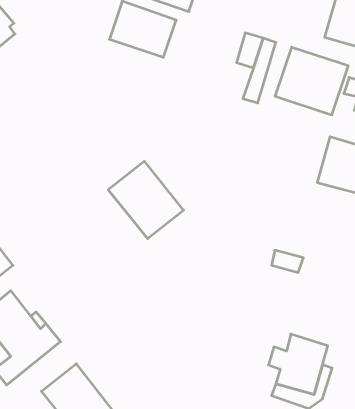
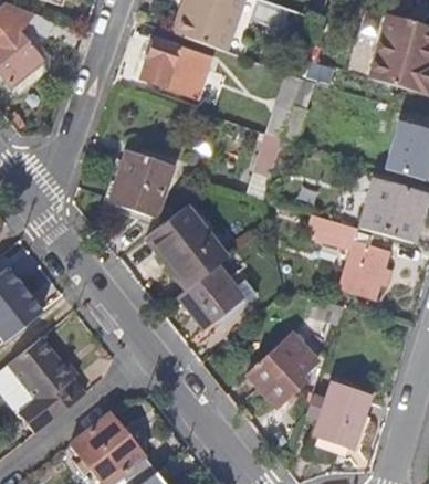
building: [275,47,348,115] -> none
building: none -> [109,148,175,217]
building: none -> [331,219,386,297]
building: none -> [176,260,254,325]
building: none -> [248,327,317,410]

